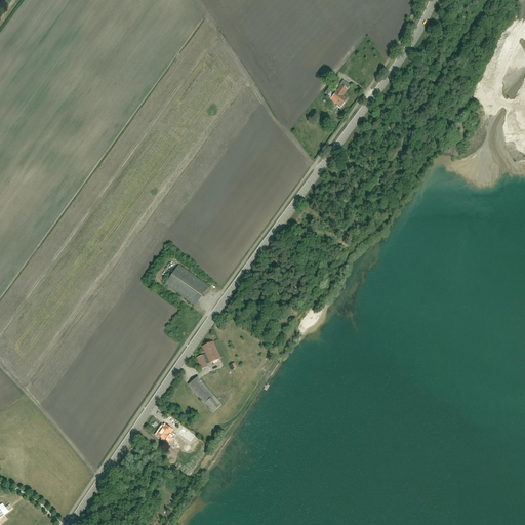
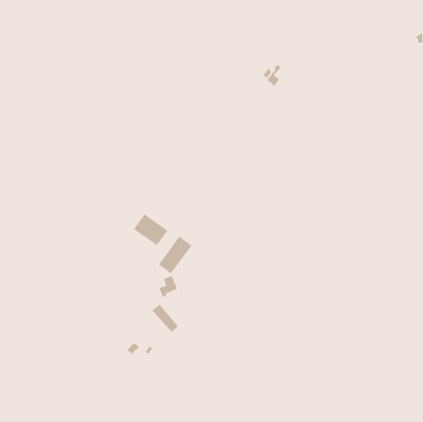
building: none -> [158,236,192,274]

